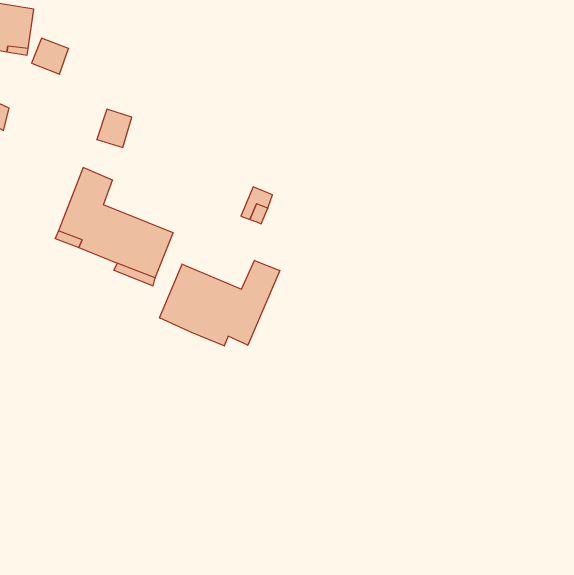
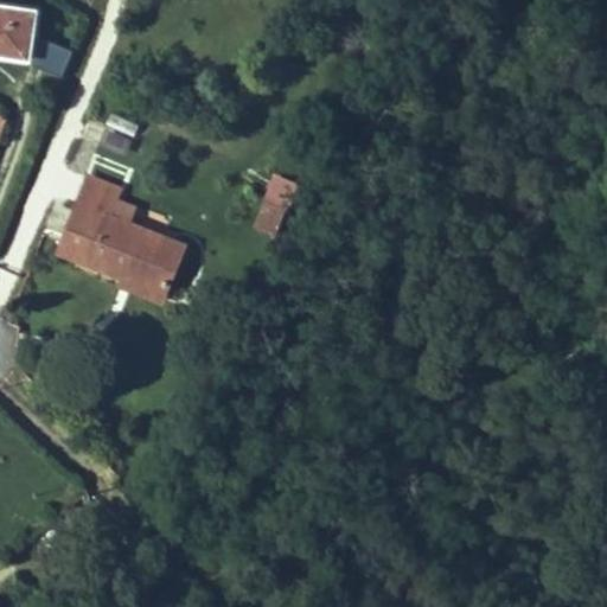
building: [160,260,280,346] -> none

